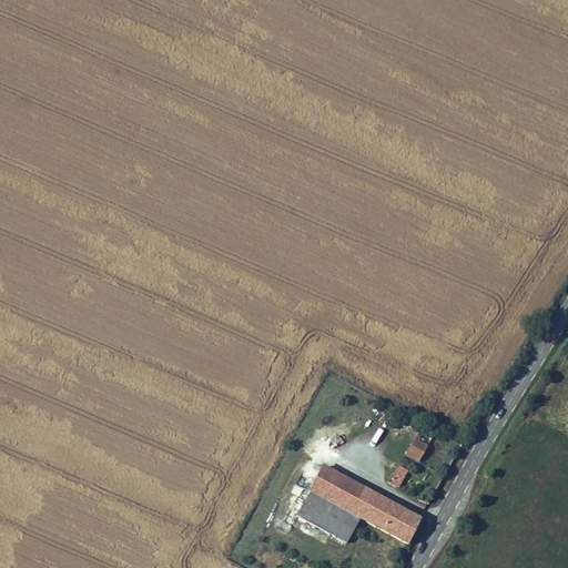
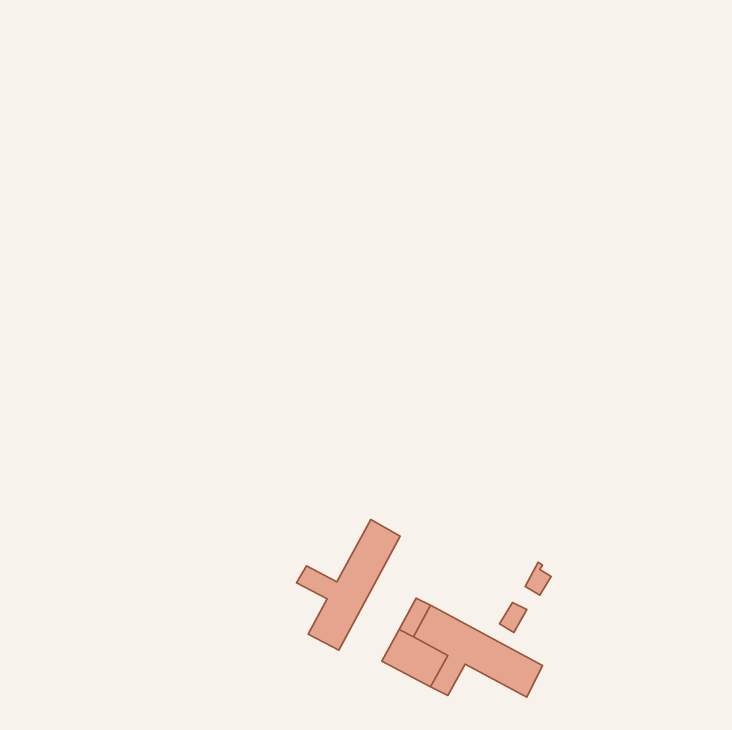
building: none -> [297,519,400,650]

